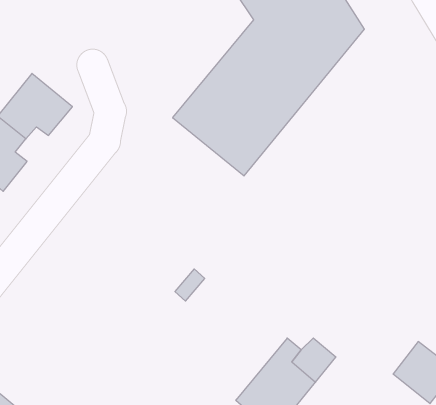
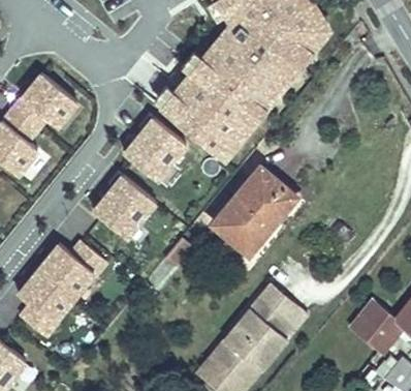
building: none -> [124,113,187,181]
building: none -> [204,161,301,262]
building: none -> [95,172,157,239]
building: none -> [21,242,107,337]

